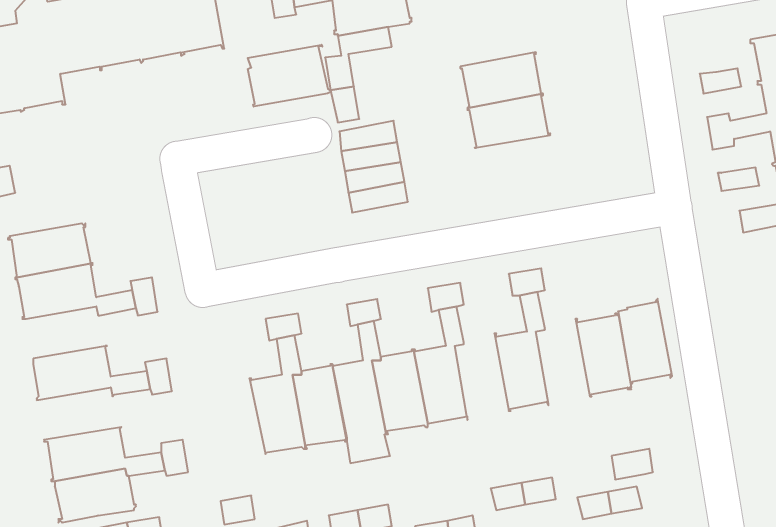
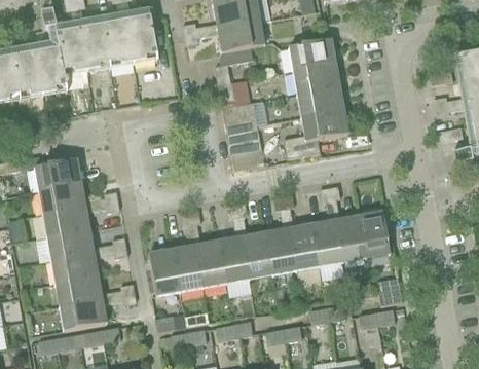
building: none -> [288,39,335,70]
building: [248,45,331,107] -> none
building: none -> [284,109,347,157]
building: [618,299,672,383] -> [335,214,366,262]
building: none -> [44,207,90,236]
building: none -> [289,222,320,271]
building: none -> [148,248,181,296]
building: none -> [50,253,99,283]

